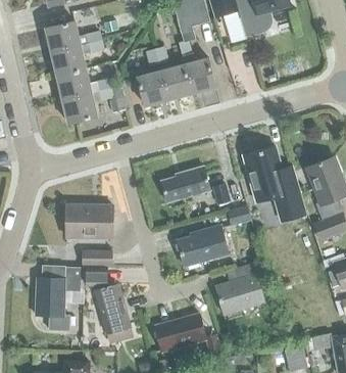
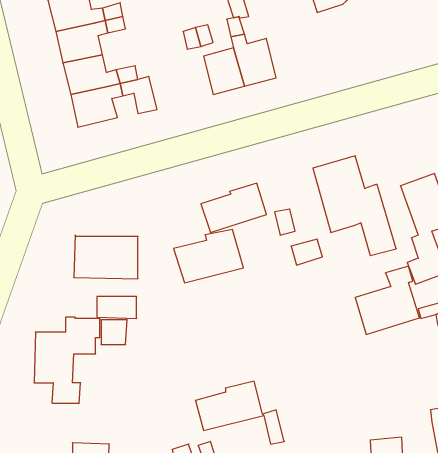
building: [137,71,168,106] -> none
building: [176,226,228,266] -> [174,229,243,283]
building: [215,264,263,315] -> [355,266,420,334]
building: [94,285,129,334] -> none

